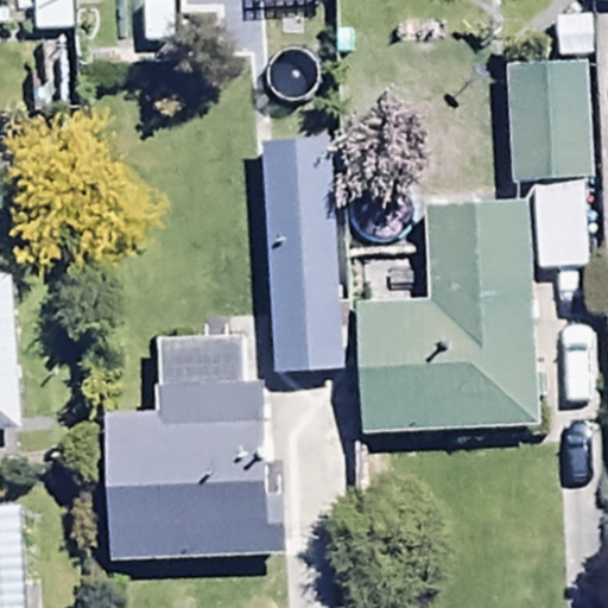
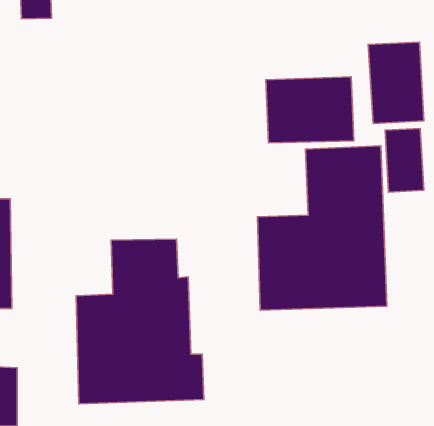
building: none -> [266,77,354,143]
building: [270,222,343,369] -> none

